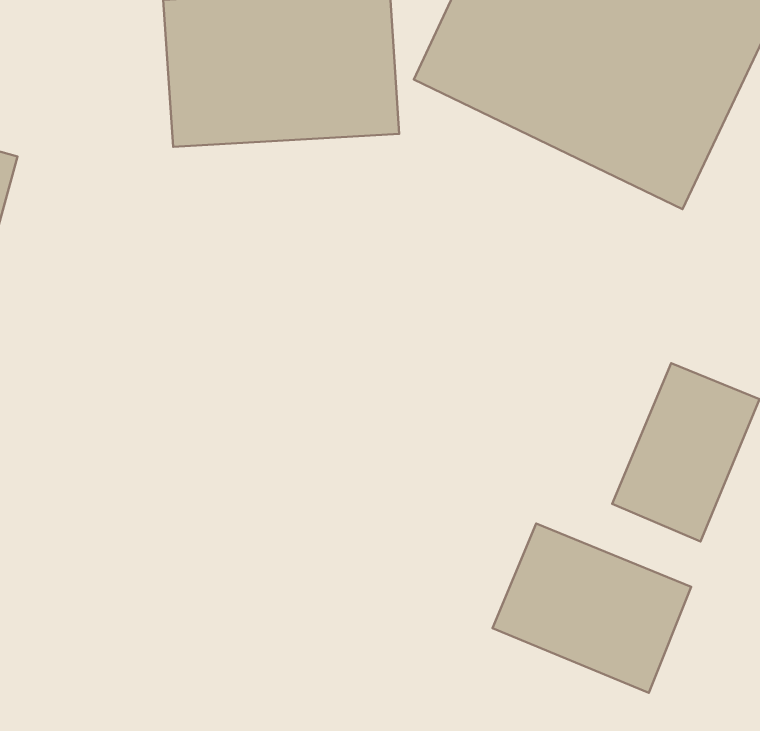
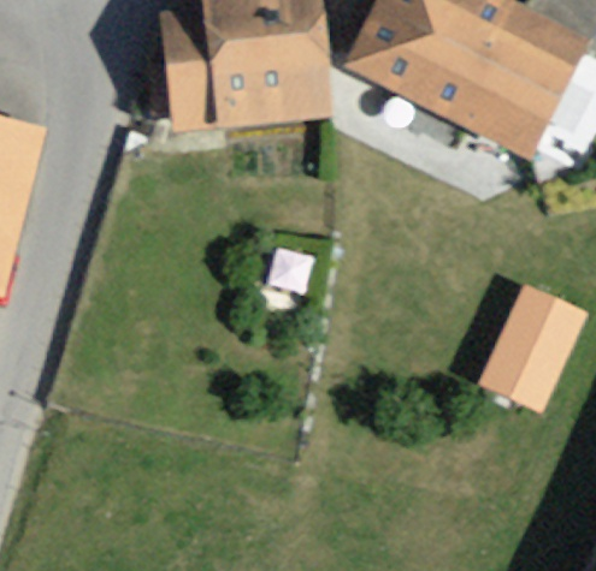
building: [492,524,691,693] -> none

